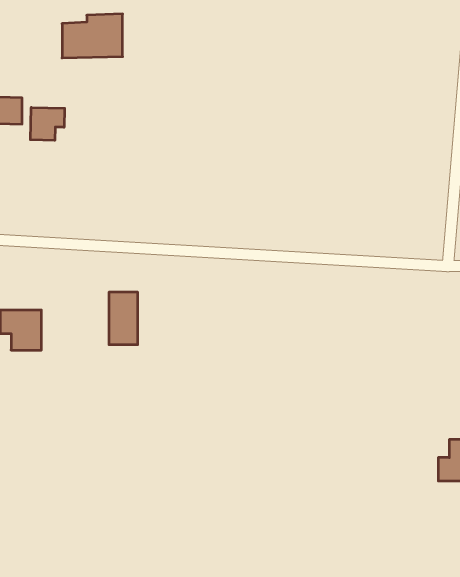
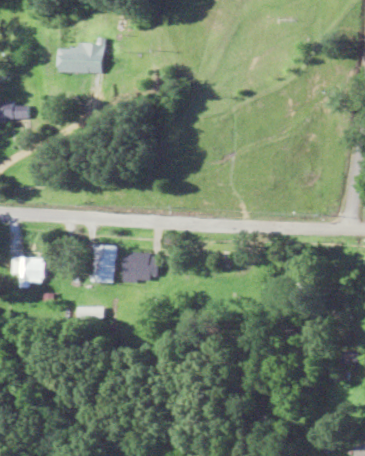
building: [30,107,65,140] -> none
building: none -> [123,252,159,281]

